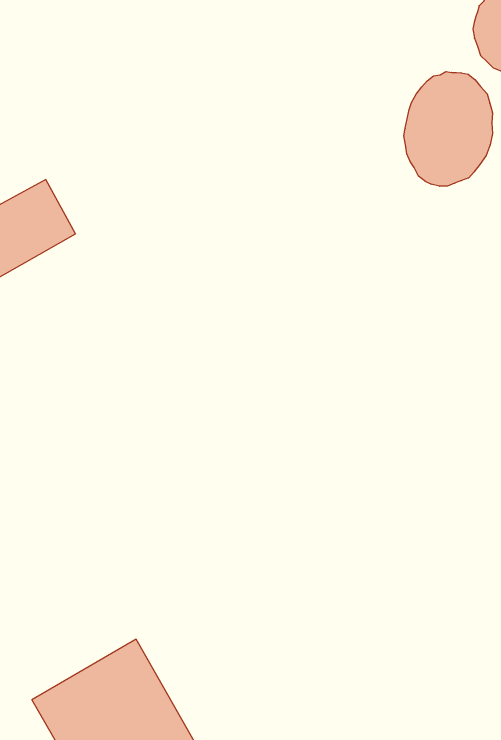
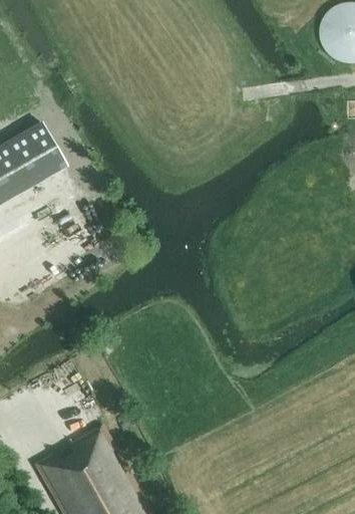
building: [404,72,493,186] -> none

